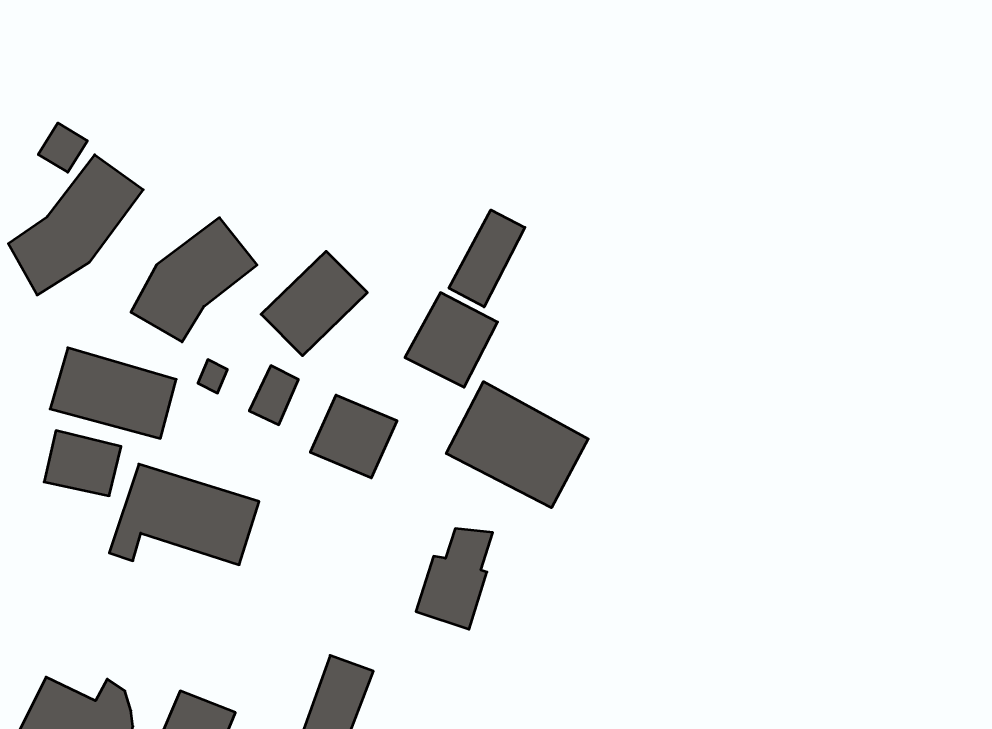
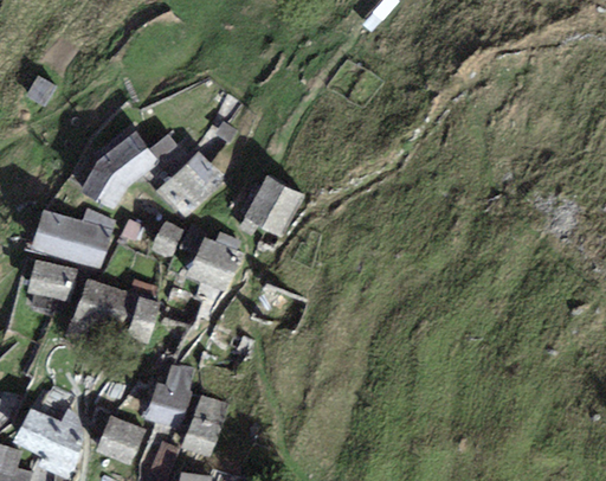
building: [8,155,143,295] -> none
building: [449,210,525,307] -> none
building: [446,382,588,508] -> none
building: [416,529,493,629] -> [147,366,193,427]

